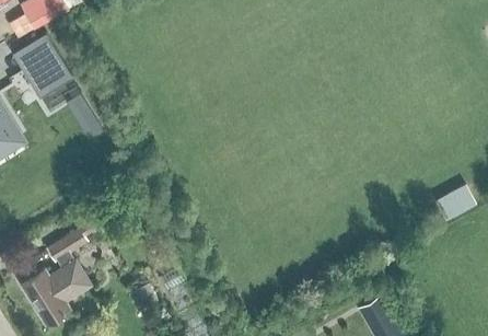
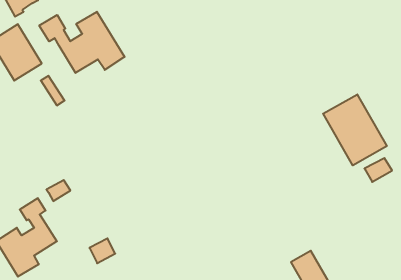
building: none -> [39,12,125,73]
building: none -> [323,94,387,165]

